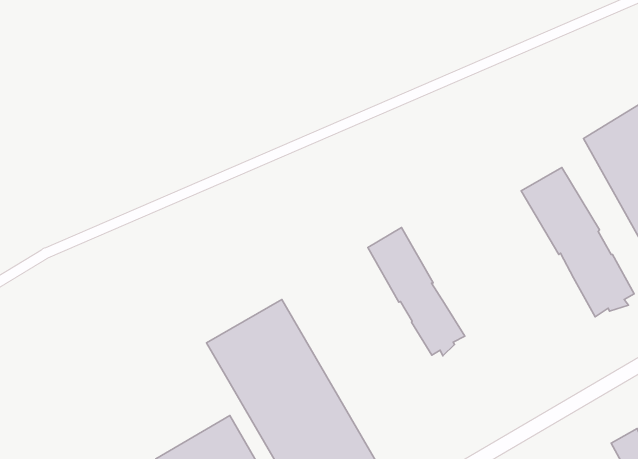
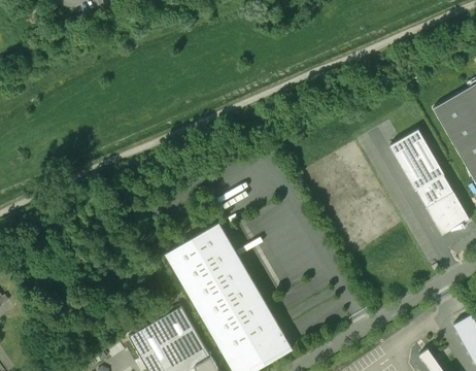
building: [368,227,465,356] -> none

